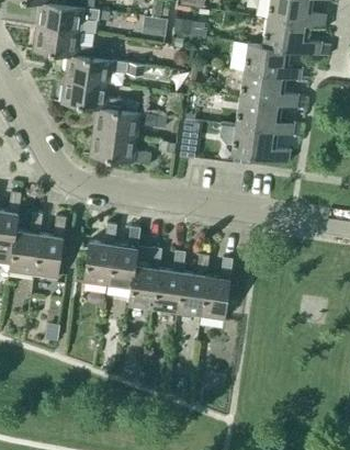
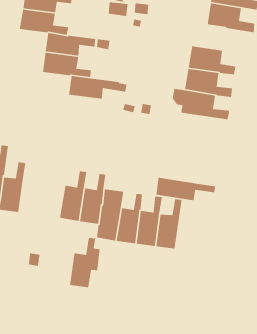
building: [245,44,304,80] -> none
building: [91,132,153,165] -> none
building: [34,216,72,279] -> [69,237,101,288]
building: none -> [155,177,216,201]

